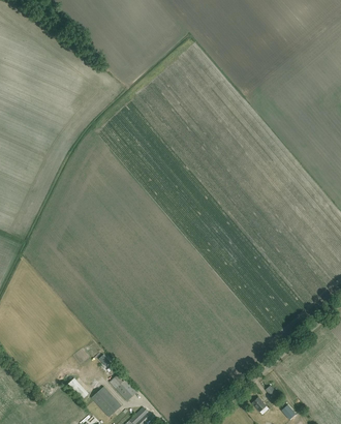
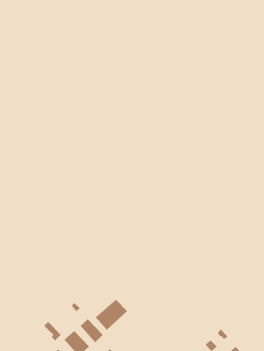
building: none -> [95,299,128,331]

